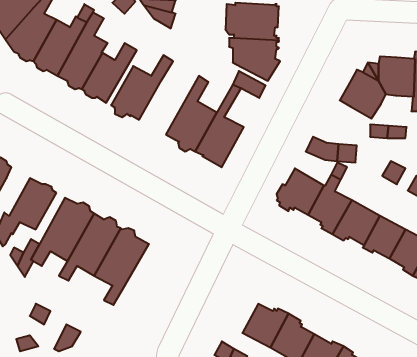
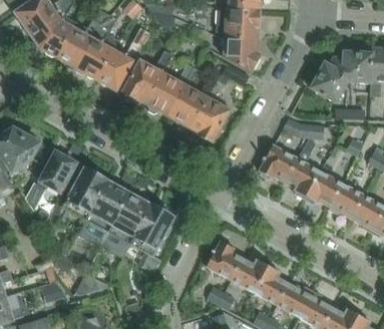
building: none -> [145,64,195,116]
building: none -> [131,206,174,269]
building: none -> [207,241,244,280]

